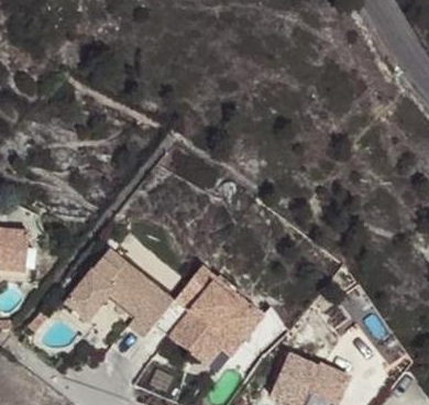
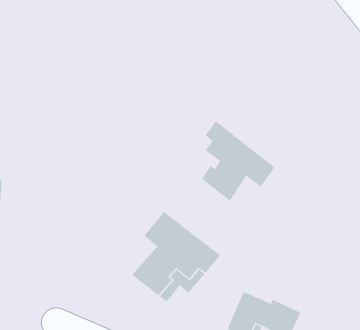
building: none -> [201,121,275,202]
building: [65,248,170,336] -> none

